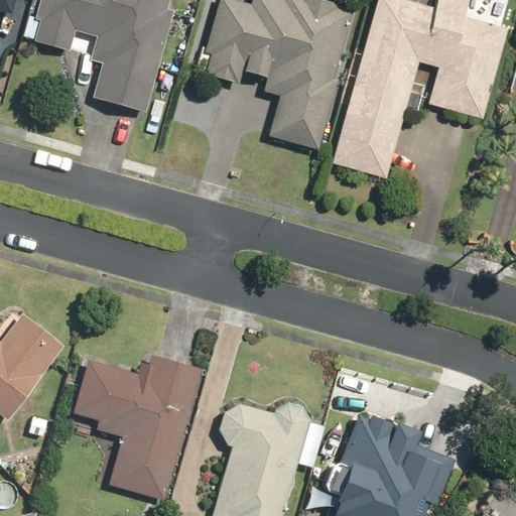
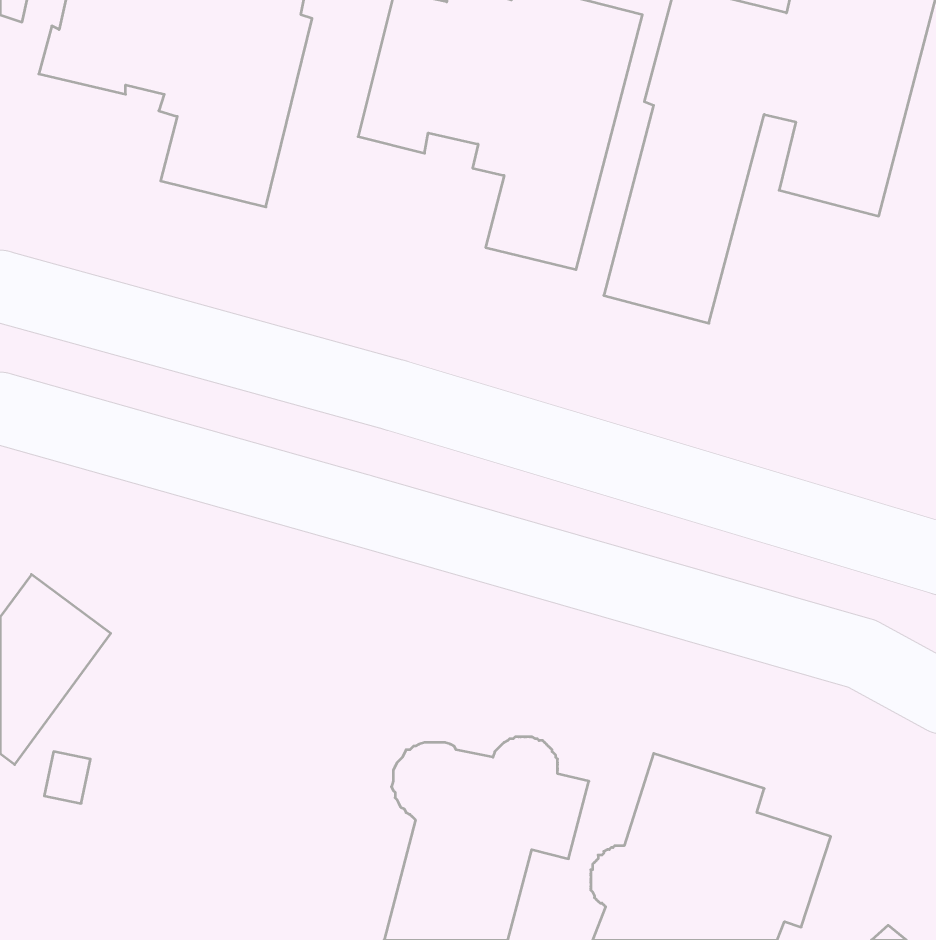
building: [73,355,202,499] -> none

